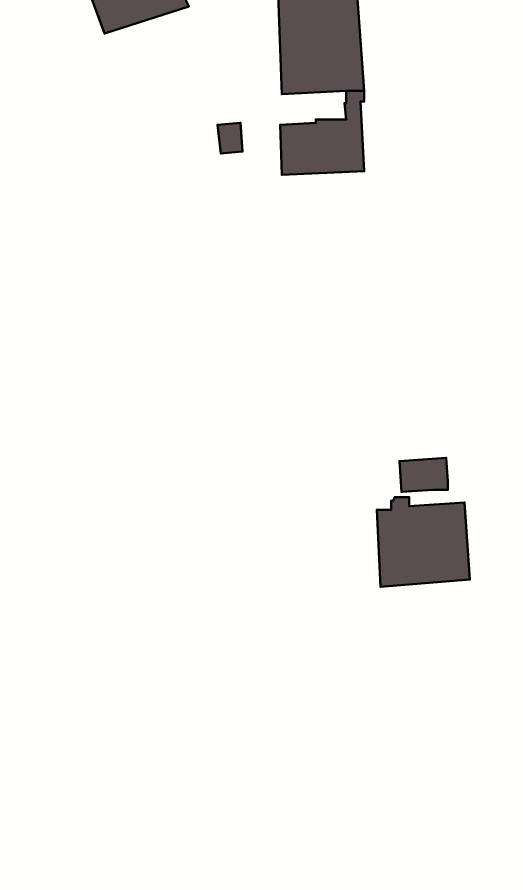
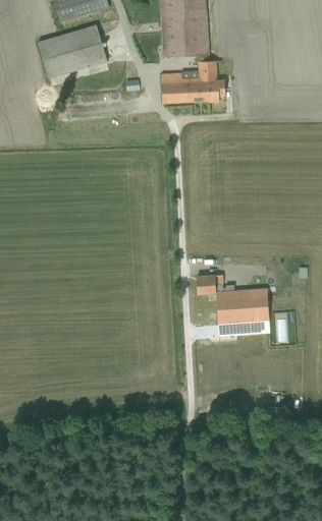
building: none -> [38,24,107,79]
building: none -> [207,61,225,102]
building: [400,458,448,492] -> [197,275,224,294]

